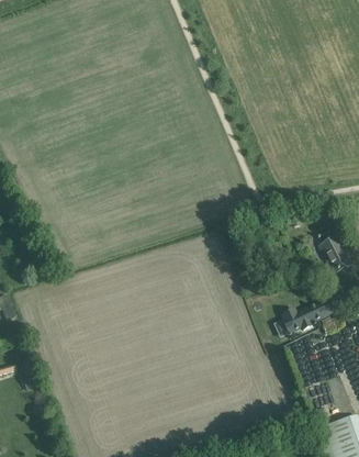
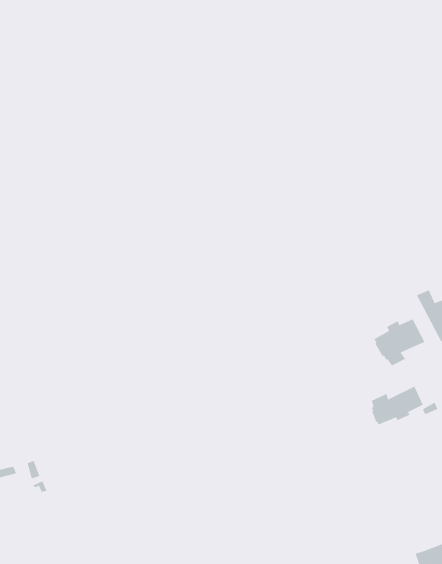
building: none -> [374,318,425,366]

